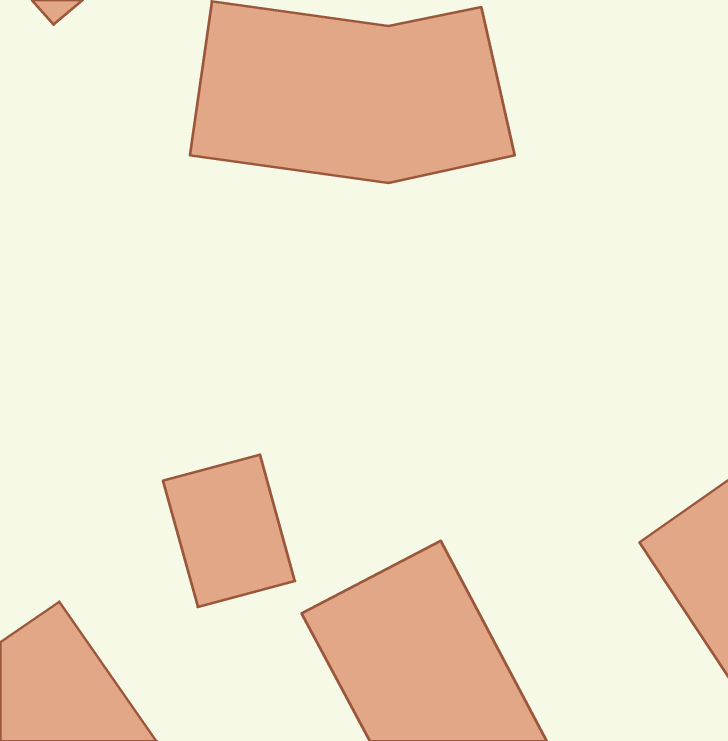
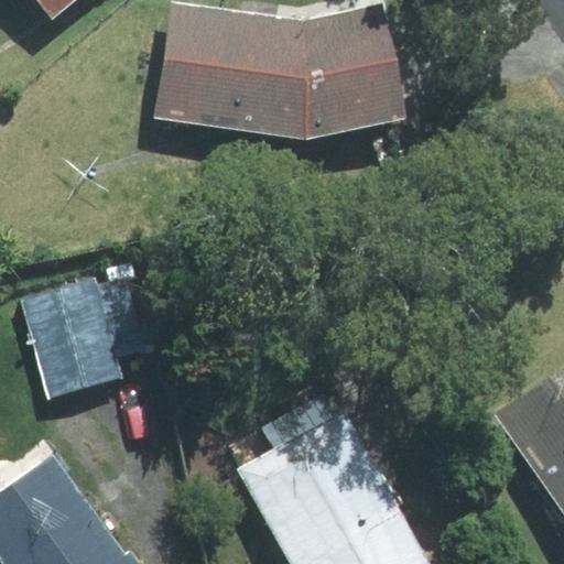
building: [163,455,295,607] -> [25,281,126,397]

